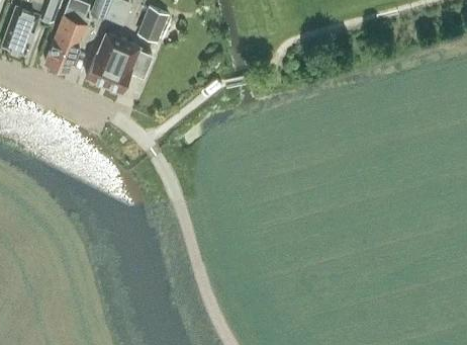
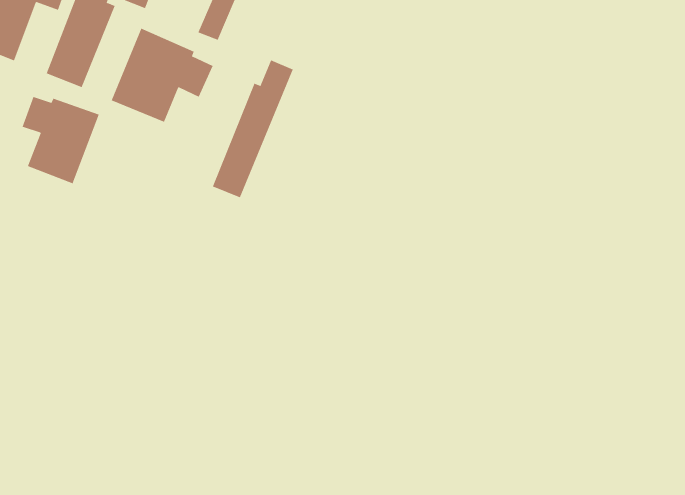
building: none -> [212,59,293,198]
building: none -> [22,96,100,184]

